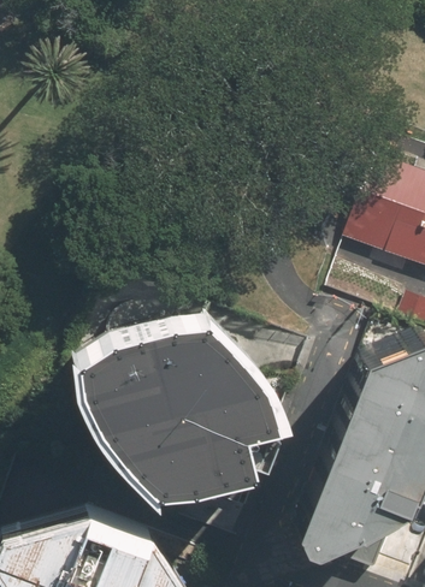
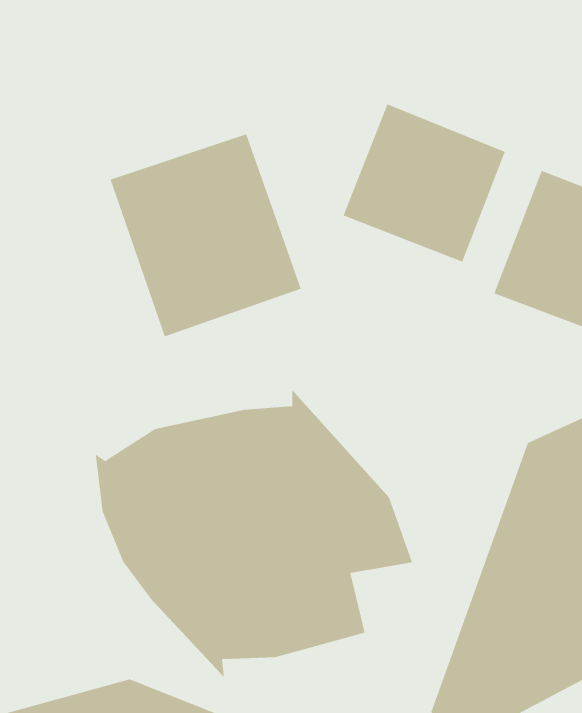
building: none -> [343,104,505,263]
building: none -> [110,133,301,337]

